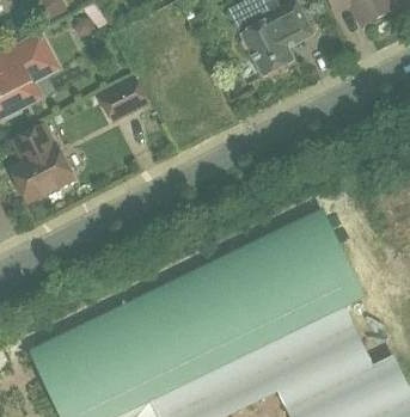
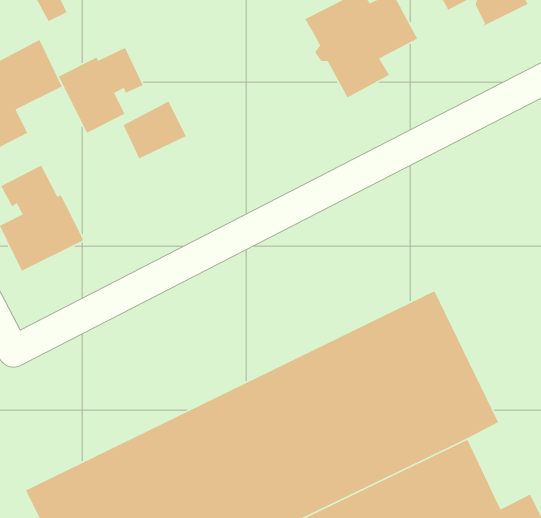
building: none -> [58,47,144,134]

